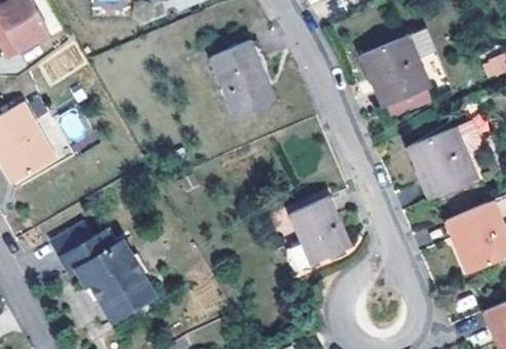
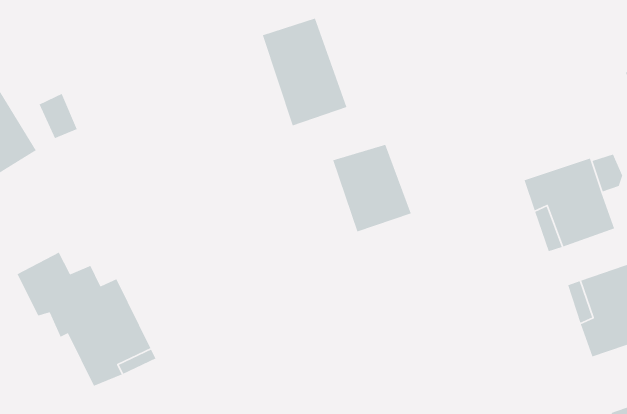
building: [362,37,430,107] -> none
building: [291,198,352,264] -> [332,144,412,233]

